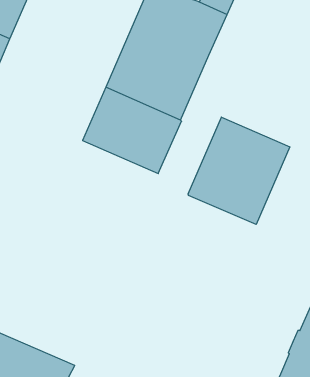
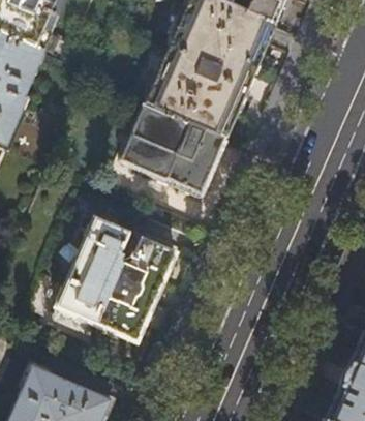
building: [188,117,290,224] -> none
building: none -> [55,218,176,343]

